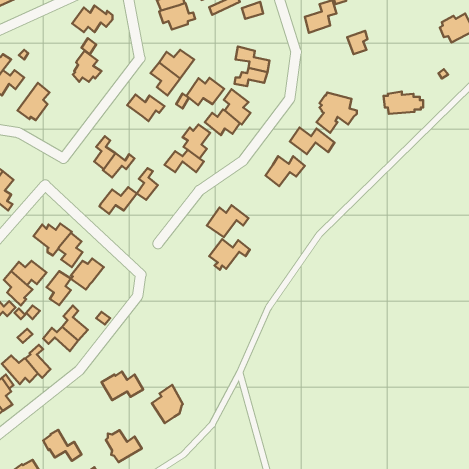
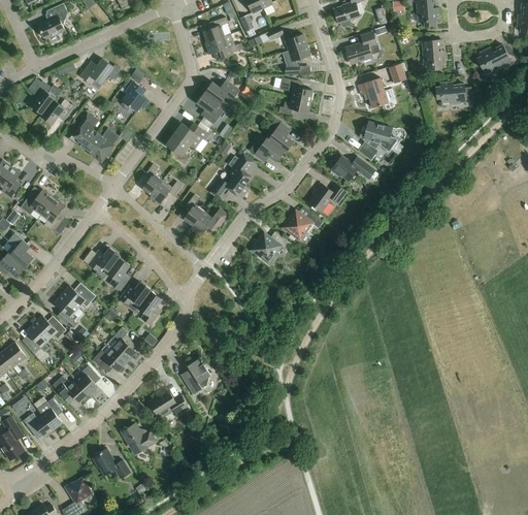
building: [72,6,113,32] -> [79,58,119,84]
building: none -> [422,39,444,68]
building: none -> [282,44,308,73]
building: none -> [357,77,388,107]
building: [186,78,224,105] -> none
building: [384,92,423,114] -> [435,82,473,103]
building: none -> [85,127,119,162]
building: none -> [165,133,189,165]
building: [100,187,137,214] -> [191,208,227,234]
building: [209,239,250,270] -> [283,211,322,240]
building: [46,271,71,305] -> [137,291,161,324]
building: [152,385,183,423] -> [179,357,209,394]
building: [106,430,142,462] -> [121,423,156,454]

